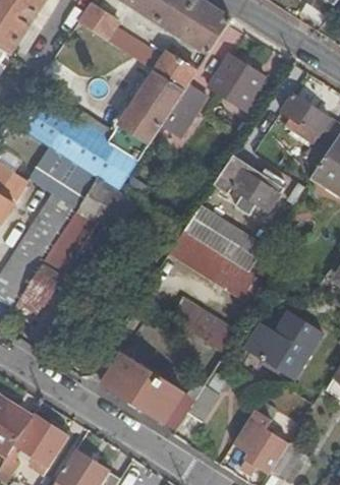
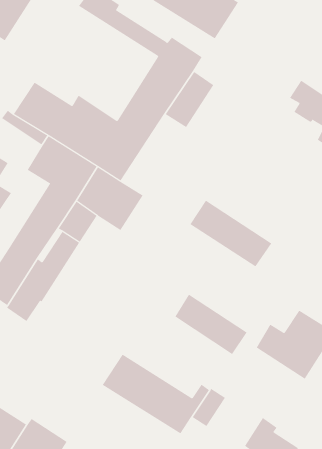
building: [209,53,266,113] -> none
building: [214,156,284,213] -> none
building: [169,230,270,306] -> none

